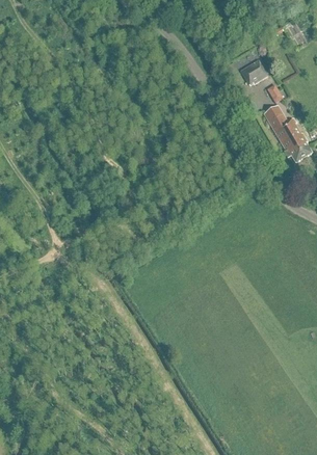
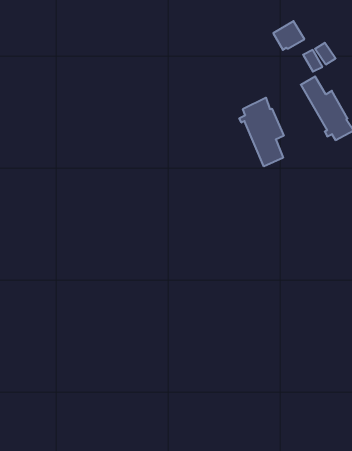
building: none -> [239,98,284,166]

